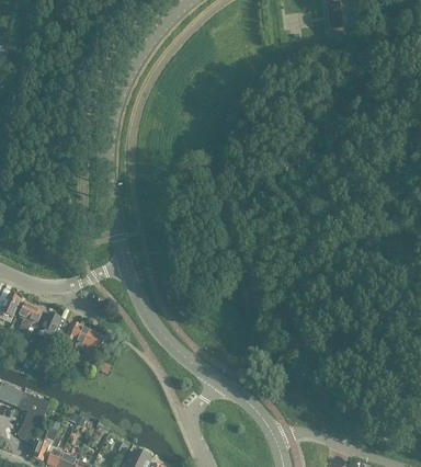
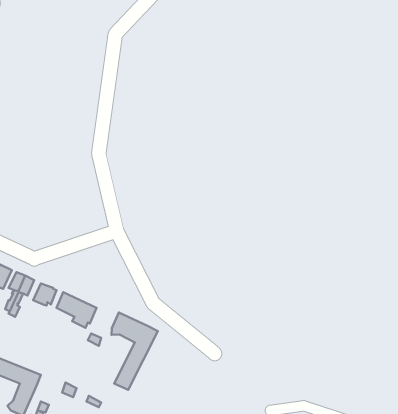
building: none -> [111,312,158,390]

